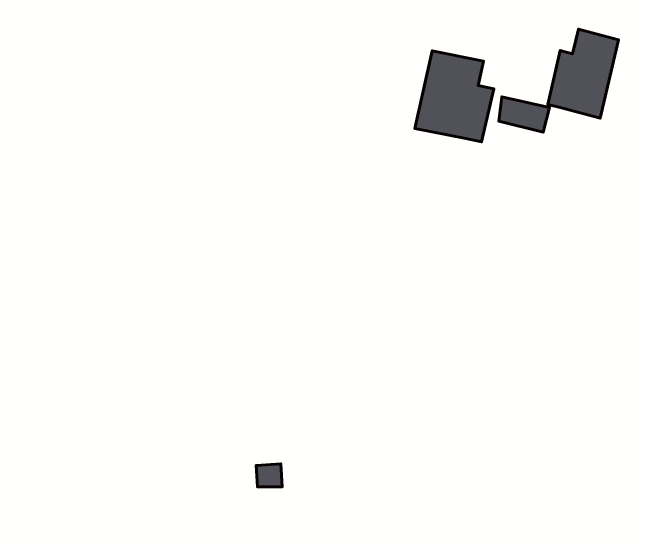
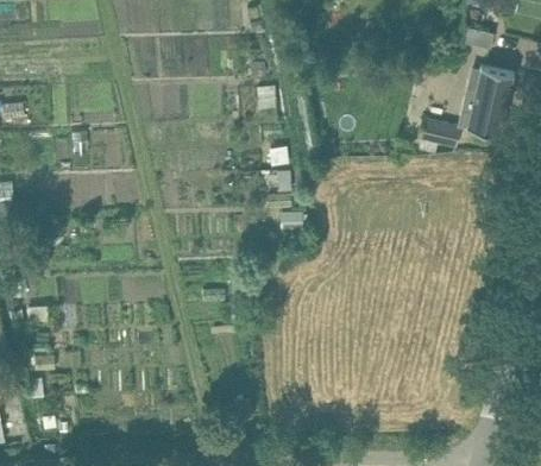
building: [415,51,494,142] -> none

